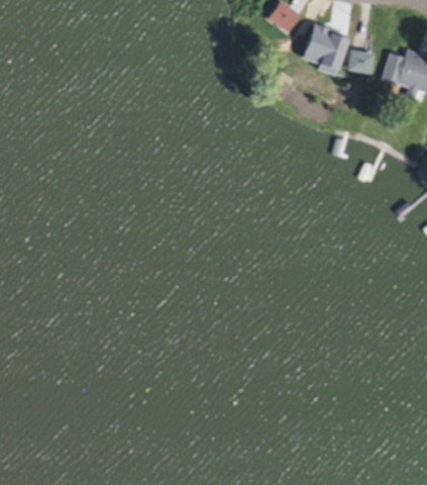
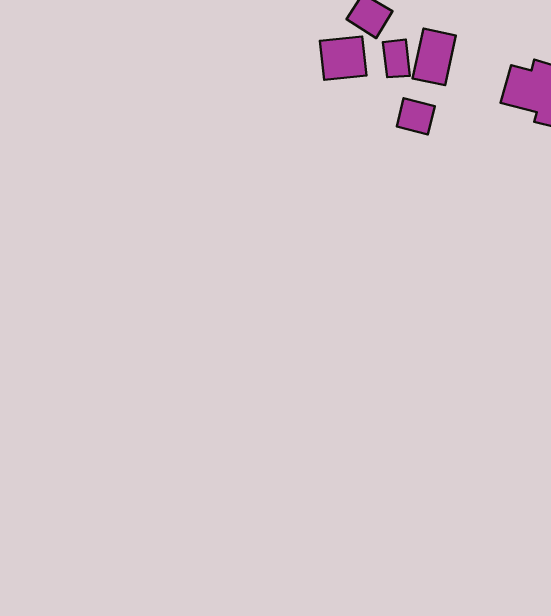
building: none -> [320,36,367,80]
building: [346,47,375,75] -> [397,98,435,135]

